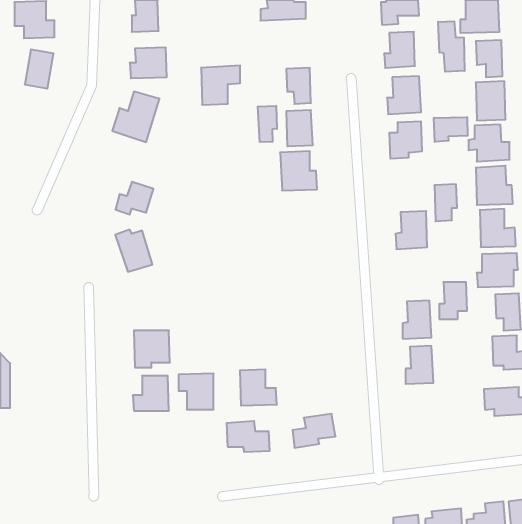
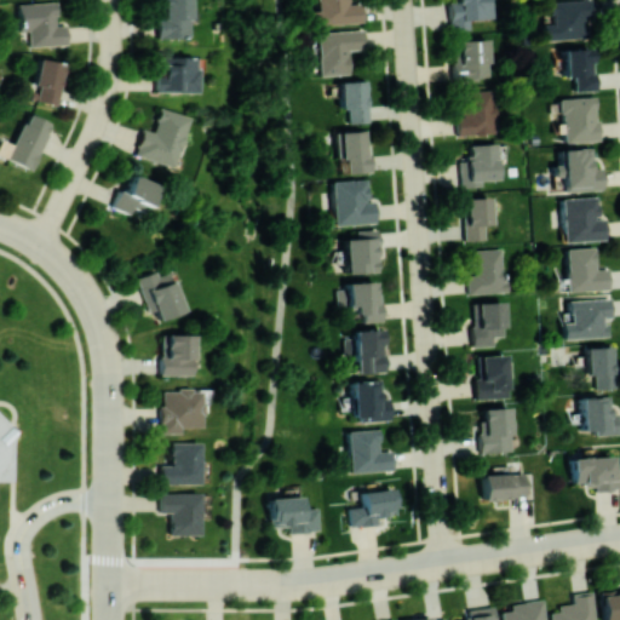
building: [438,21,465,72] -> none
building: [201,66,240,105] -> [320,31,366,78]
building: none -> [10,114,53,171]
building: [258,106,277,142] -> none
building: [434,117,468,142] -> none
building: [115,182,154,215] -> [115,177,160,216]
building: [434,184,457,221] -> [467,199,494,242]
building: none -> [346,231,380,275]
building: none -> [349,282,384,323]
building: none -> [356,331,386,375]
building: [439,282,467,319] -> [475,304,507,348]
building: none -> [162,335,195,377]
building: none -> [352,381,391,423]
building: [240,370,277,406] -> [351,431,395,473]
building: [179,373,214,409] -> [162,494,203,536]
building: none -> [484,475,528,500]

